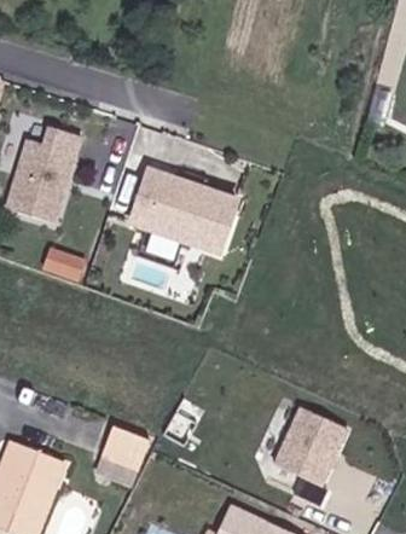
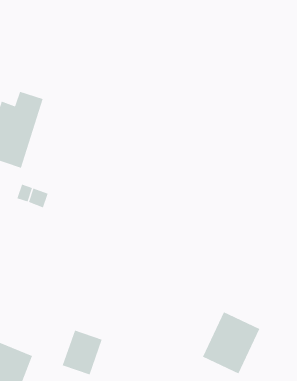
building: [128,169,234,250] -> none

